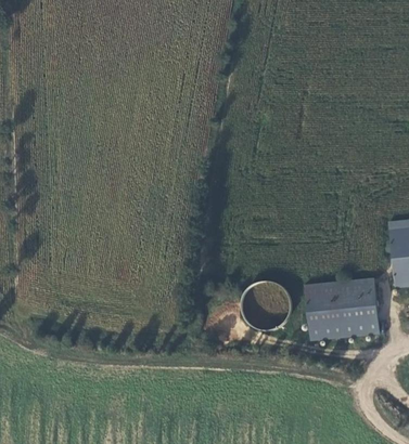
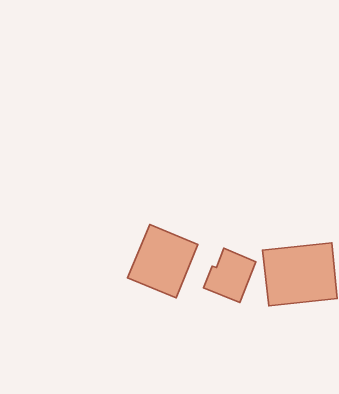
building: none -> [128,225,198,298]

